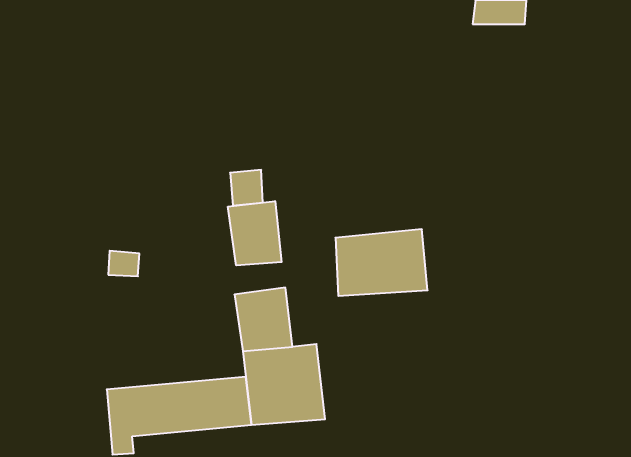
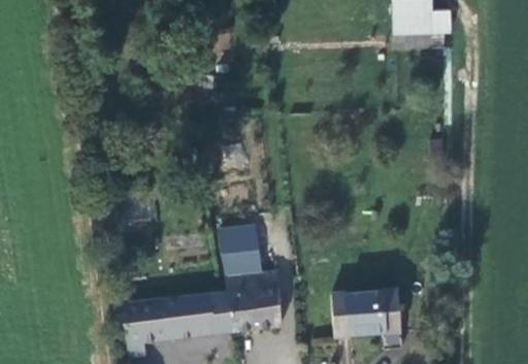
building: [228,201,282,265] -> none
building: [335,229,428,296] -> [332,287,399,335]

